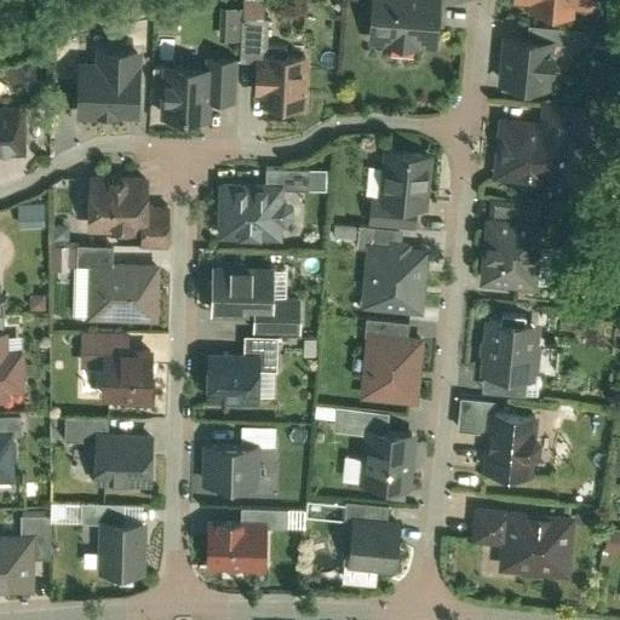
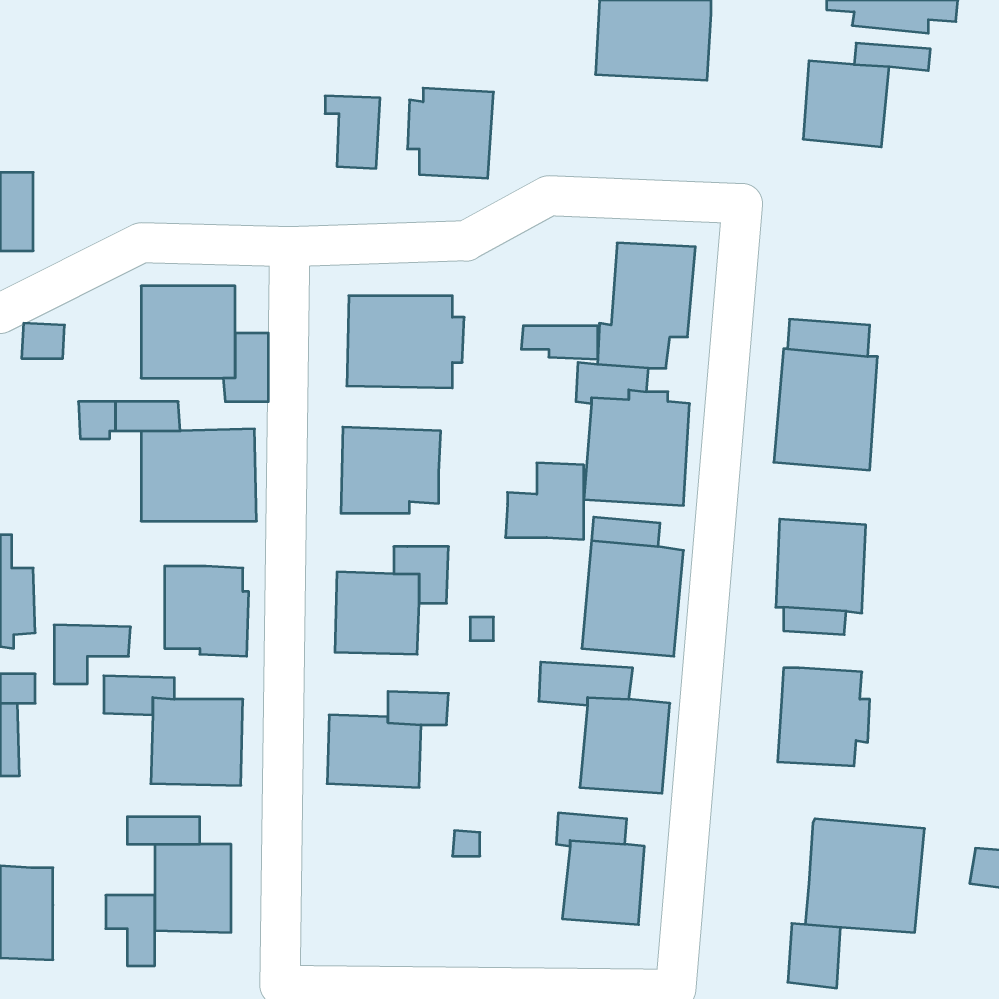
building: [240,21,265,64] -> none
building: [75,53,139,124] -> none
building: [160,69,211,125] -> none
building: [490,104,593,188] -> none
building: [264,170,311,190] -> [521,326,598,359]
building: [253,293,302,340] -> [505,463,584,539]
building: [82,332,130,368] -> [54,625,131,684]
building: [458,402,495,435] -> none
building: [471,507,504,547] -> [788,923,841,988]
building: [21,517,51,561] -> [106,895,155,966]
building: [207,521,268,573] -> none

